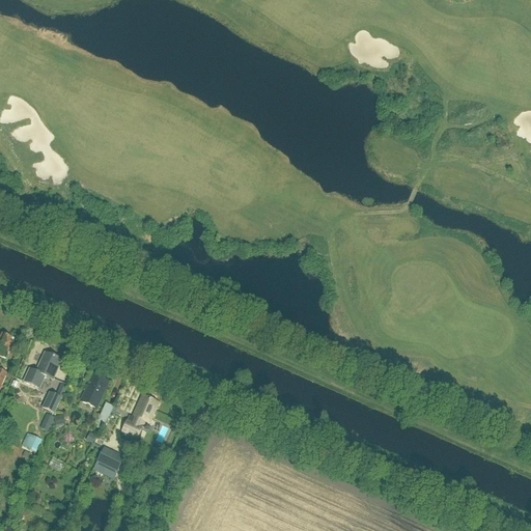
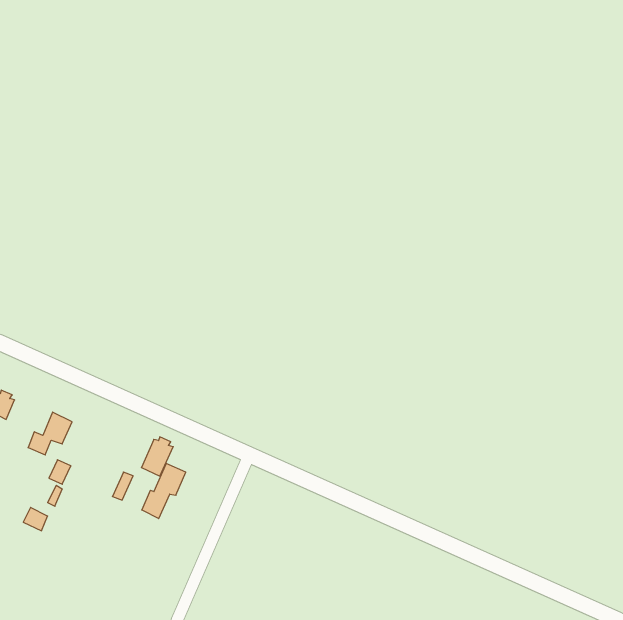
building: [80,373,107,407] -> [141,437,173,476]
building: [95,444,123,471] -> none

